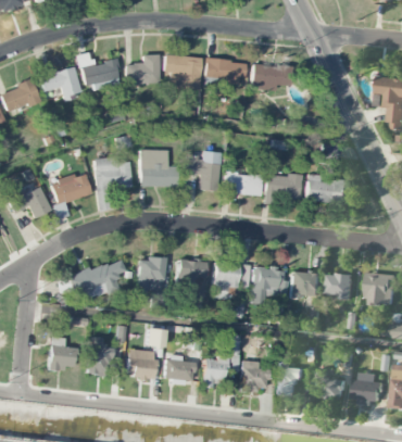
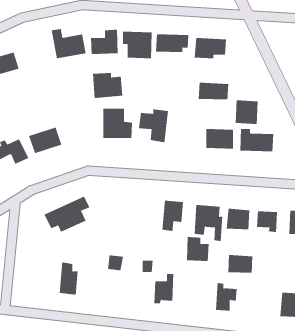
building: [39,66,81,98] -> none
building: none -> [235,100,258,125]
building: [95,156,133,188] -> [92,73,123,98]
building: [225,172,263,193] -> [198,82,229,100]
building: [138,256,166,290] -> none
building: [177,258,206,287] -> none
building: [50,337,77,369] -> none
building: [127,349,155,378] -> none
building: [166,354,194,382] -> none
building: [241,359,269,390] -> [186,236,209,262]
building: [316,376,348,399] -> [227,255,253,273]

